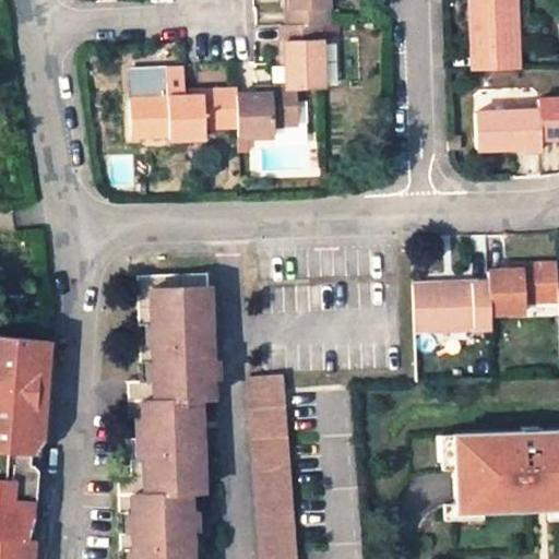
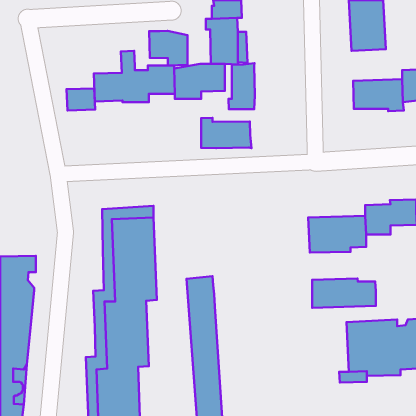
building: none -> [149,31,188,65]
building: [127,71,165,100] -> [67,88,95,110]
building: none -> [229,63,255,109]
building: none -> [201,118,252,148]
building: none -> [312,278,376,308]

